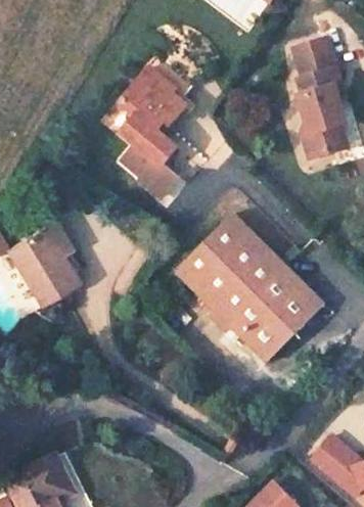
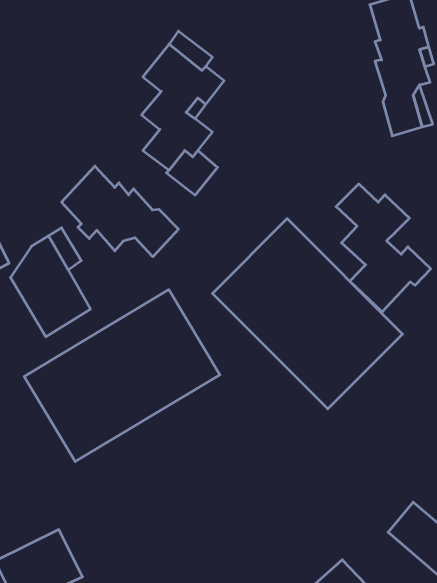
building: none -> [62,166,178,257]
building: none -> [336,184,431,312]
building: none -> [24,290,220,462]

